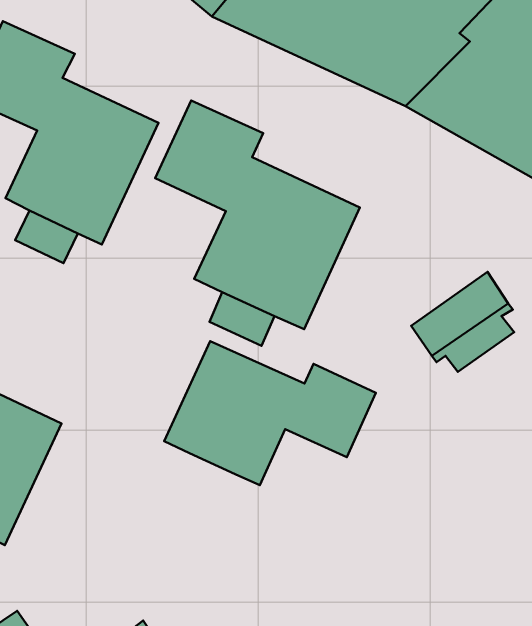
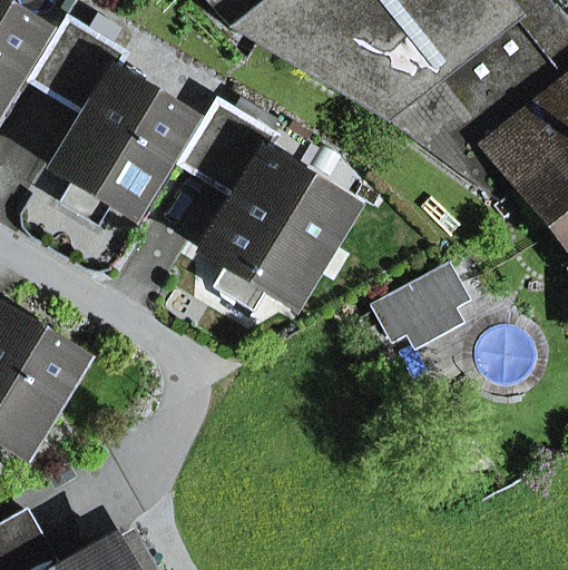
building: [164,341,376,485] -> none

